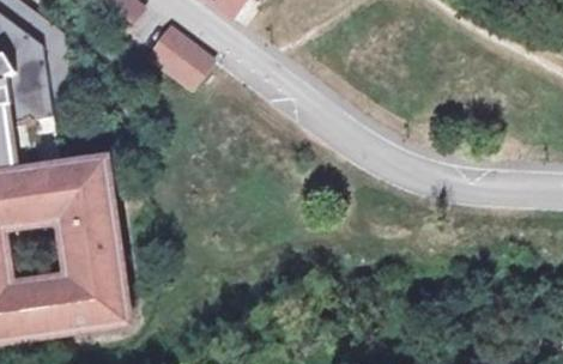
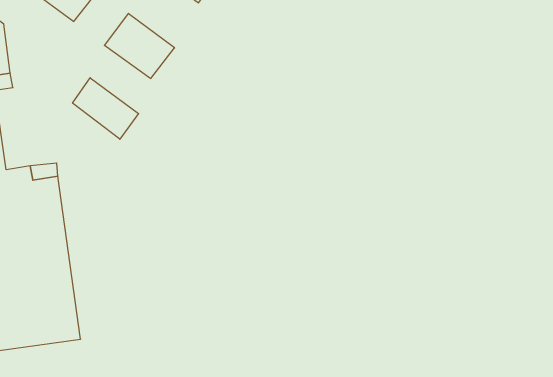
building: none -> [73,78,139,139]

